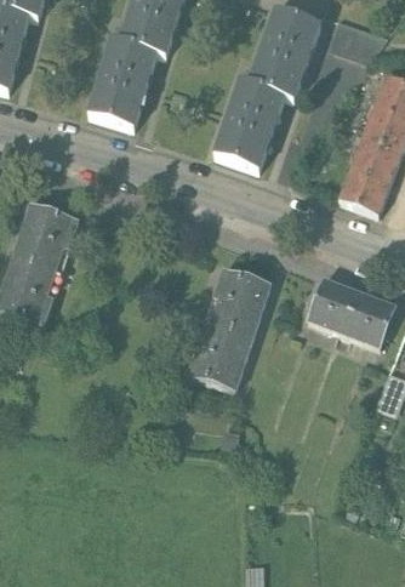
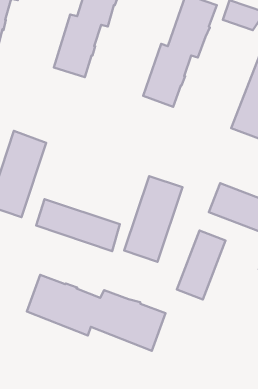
building: none -> [36,199,120,251]
building: none -> [177,230,226,299]
building: none -> [27,275,166,351]

